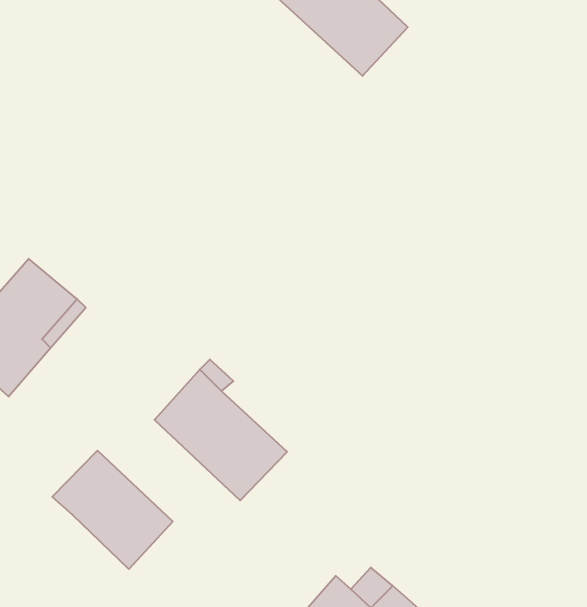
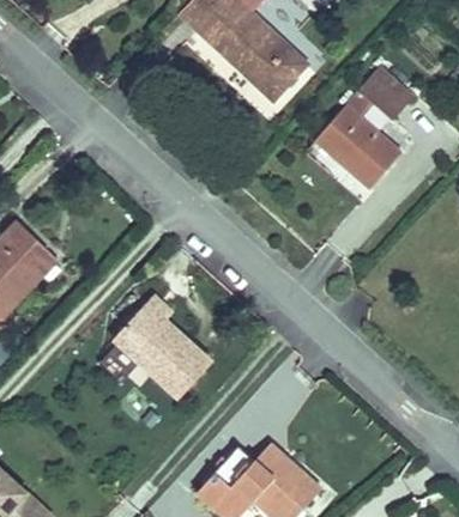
building: none -> [315,60,409,182]
building: [52,451,173,569] -> none

